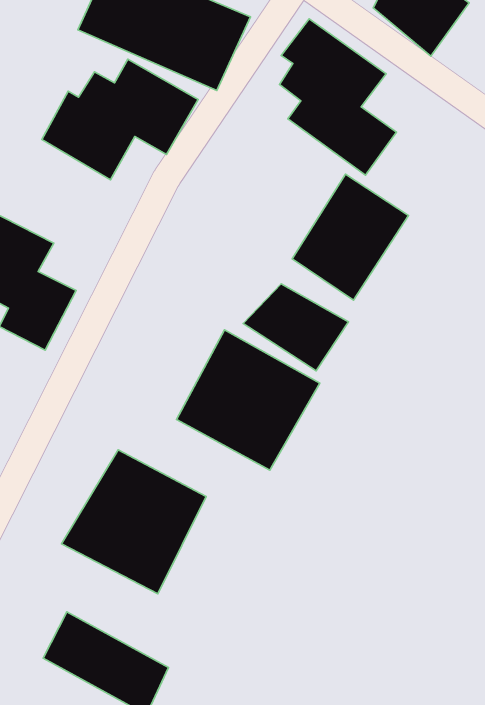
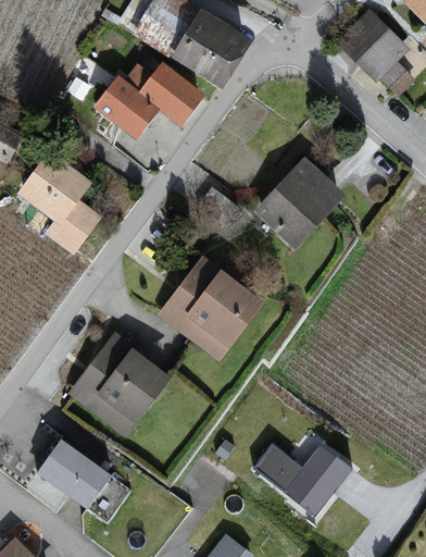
building: [279,19,397,175] -> none
building: [243,284,348,371] -> none
building: none -> [251,438,352,515]

